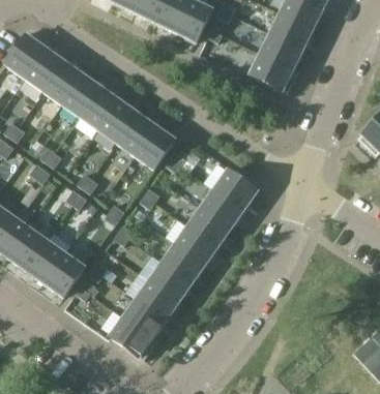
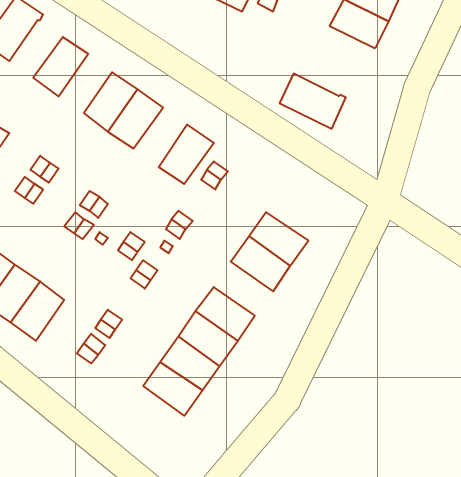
building: [25,48,64,90] -> none
building: [250,52,298,92] -> [280,74,346,129]
building: [61,72,100,116] -> none
building: [116,112,155,155] -> none
building: [213,169,258,209] -> none
building: [175,224,218,264] -> none
building: [45,252,85,296] -> none
building: [110,315,158,359] -> none

